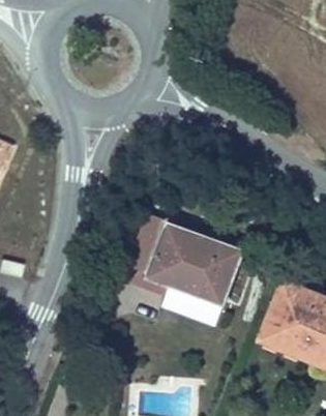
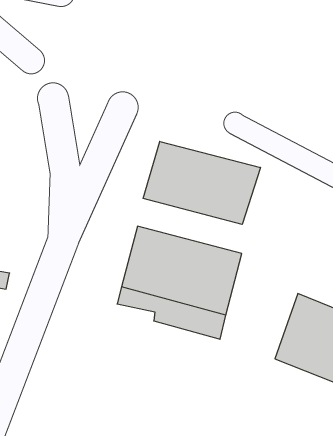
building: none -> [143,141,260,224]

